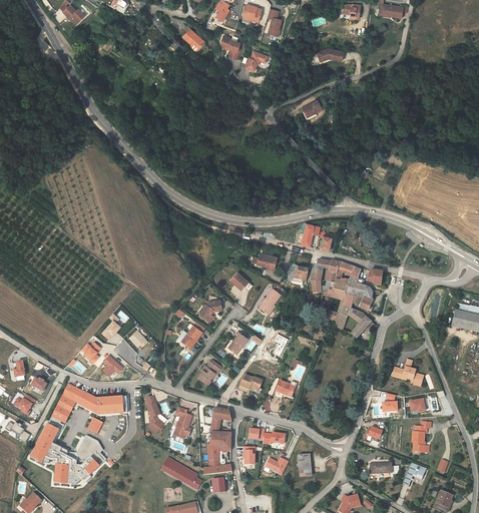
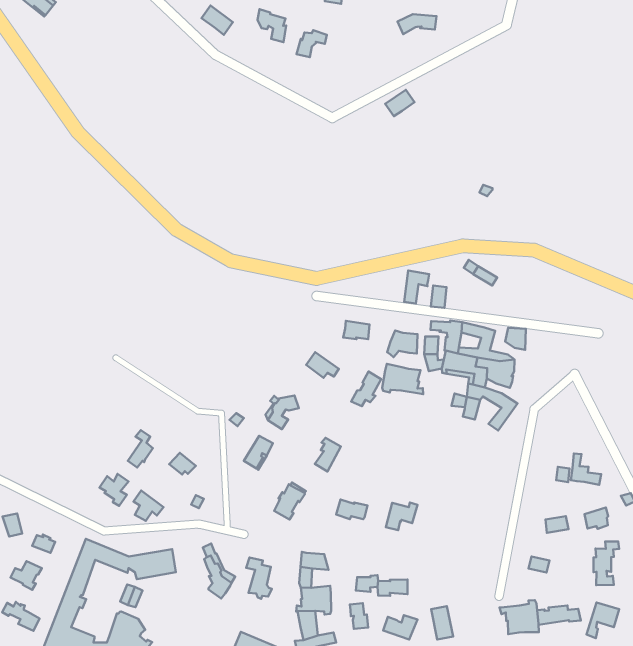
building: none -> [382,364,423,394]
building: none -> [500,600,539,634]

